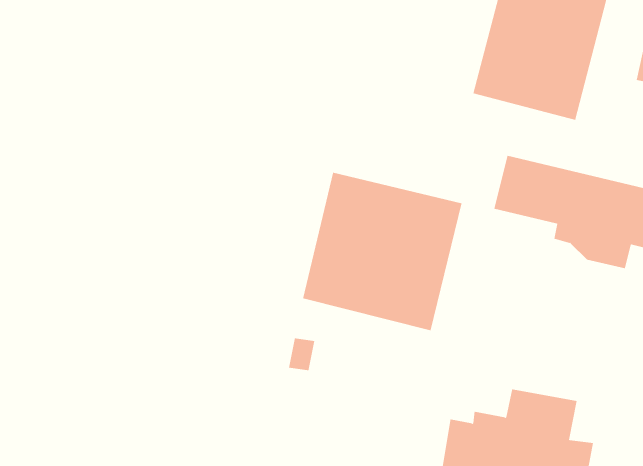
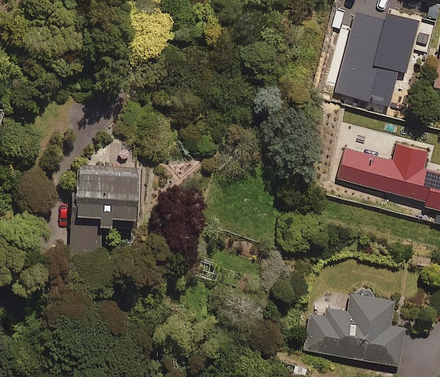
building: [302,172,462,331] -> none
building: none -> [71,164,138,253]

